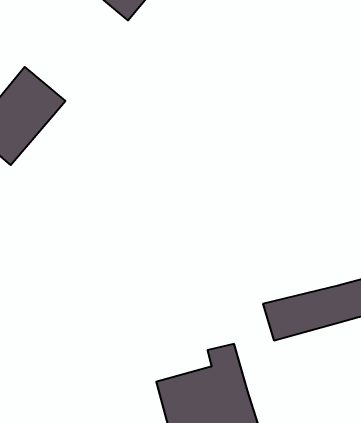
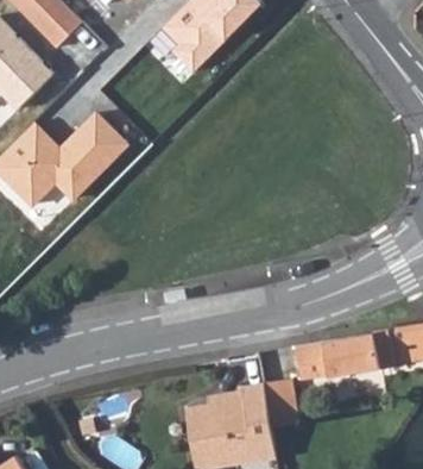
building: none -> [263,376,298,425]

